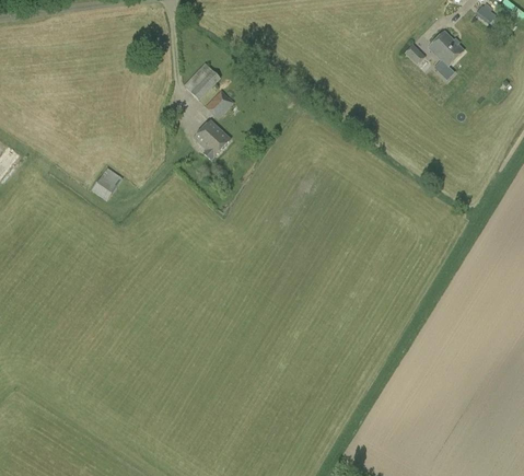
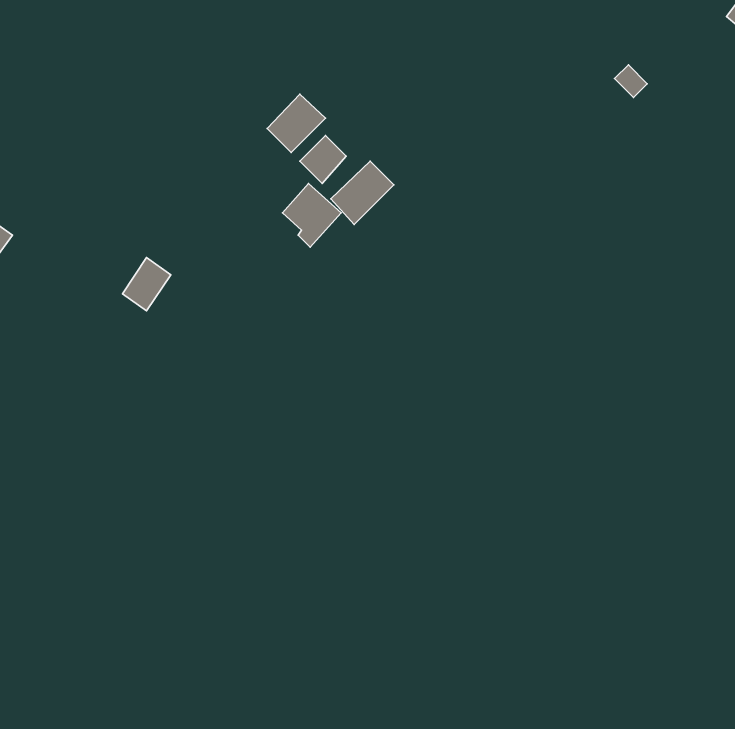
building: [429,30,464,67] -> none
building: none -> [331,161,394,224]

